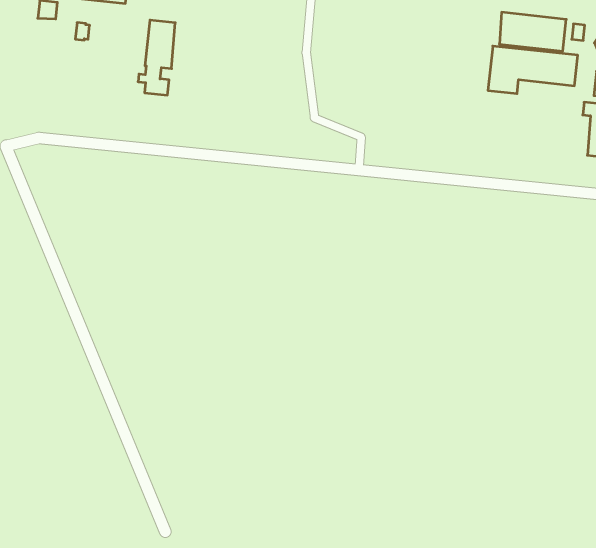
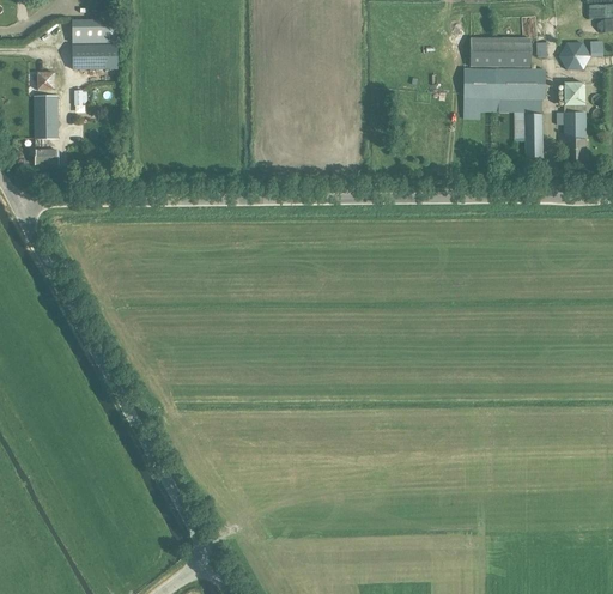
building: [138,20,175,95] -> [29,96,59,164]
building: none -> [497,99,542,158]

